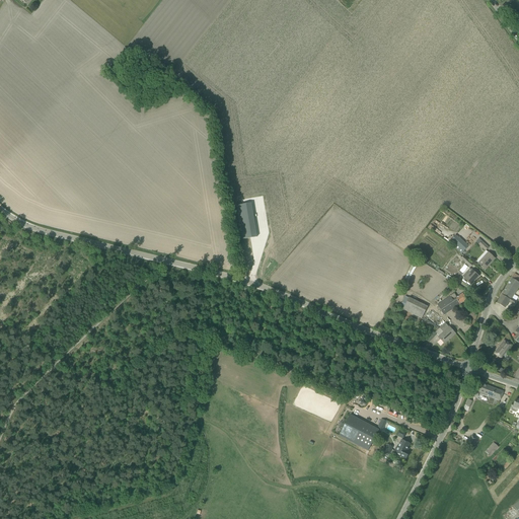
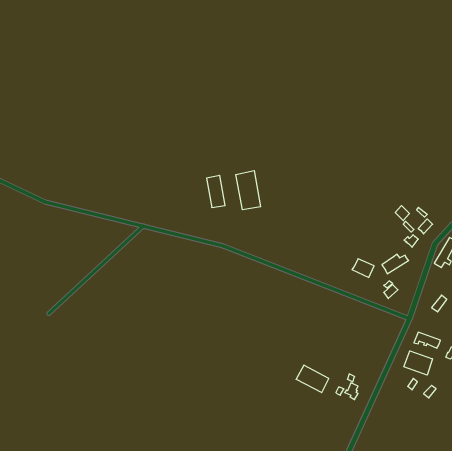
building: none -> [236,171,261,210]
building: none -> [404,351,432,375]

